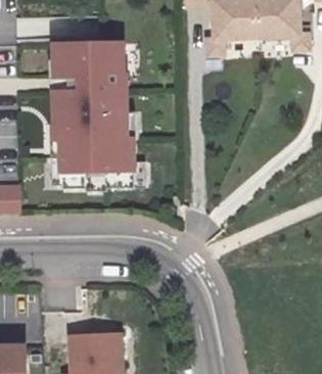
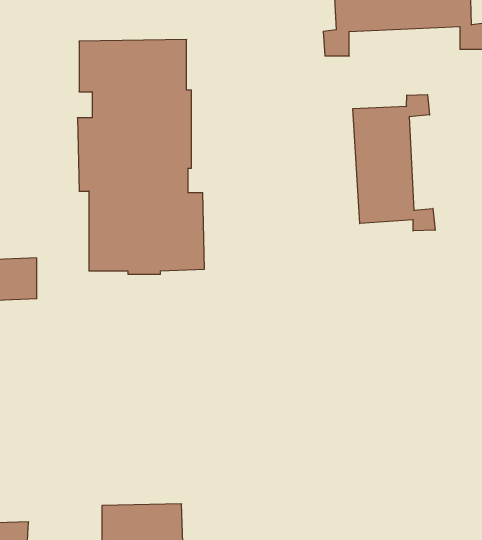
building: none -> [353,95,435,231]

